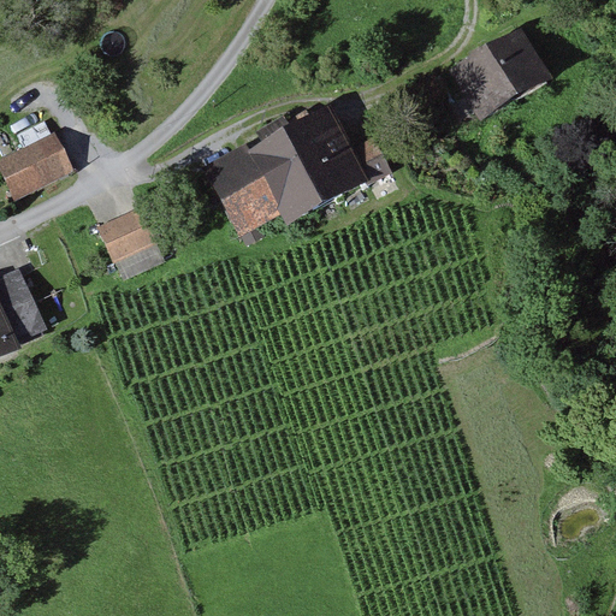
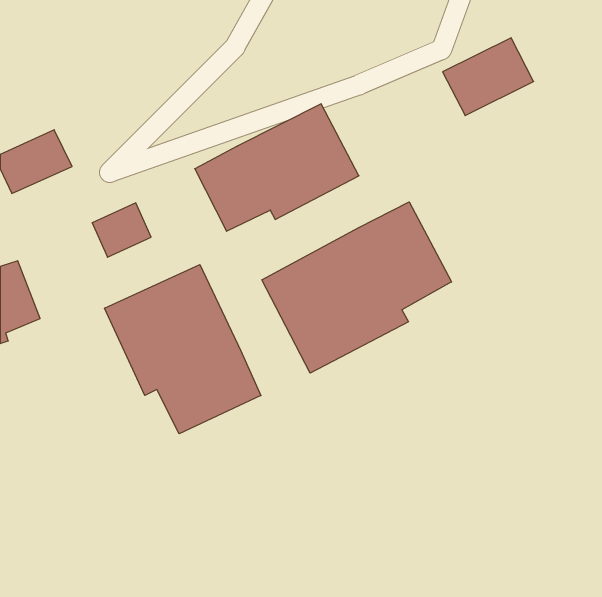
building: none -> [262,202,452,373]
building: none -> [105,265,261,434]

